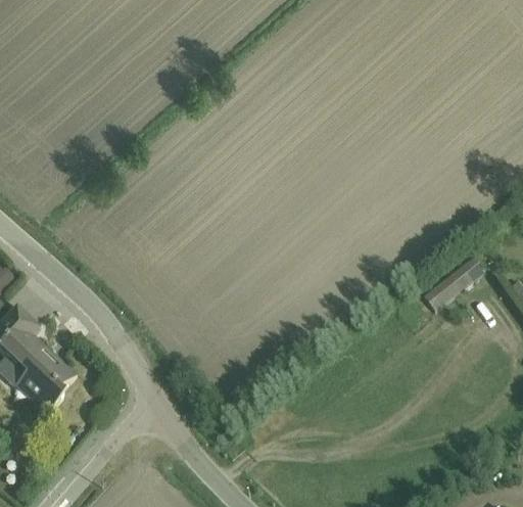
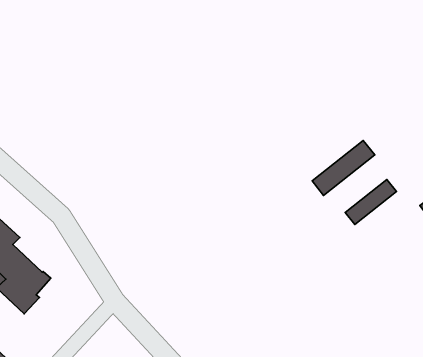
building: none -> [312,140,375,196]

